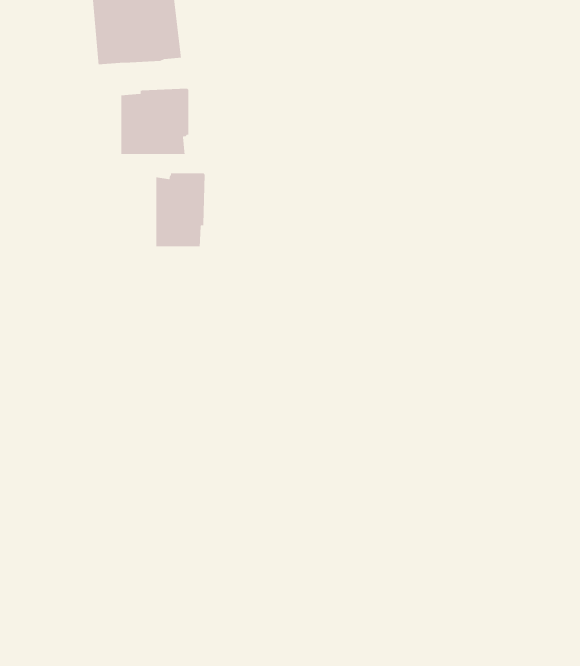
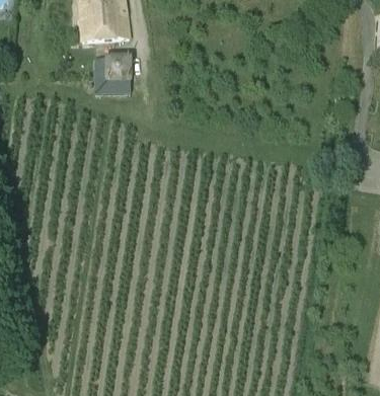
building: [156,173,206,247] -> none

